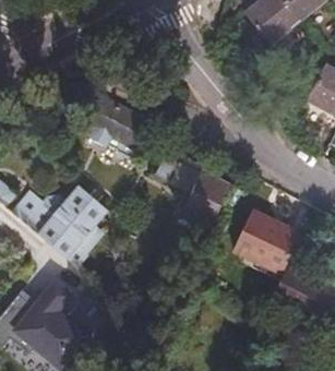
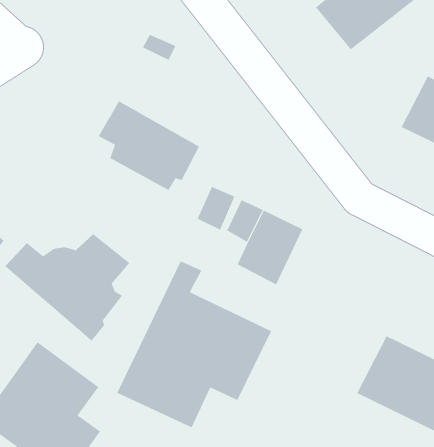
building: none -> [116,260,272,428]
building: [235,210,304,274] -> none

